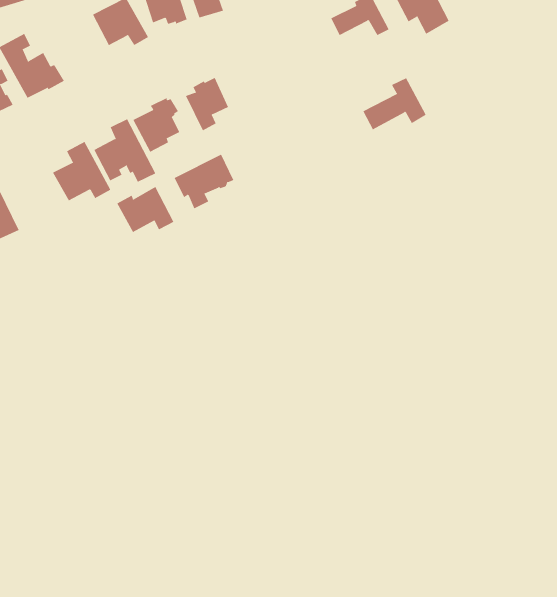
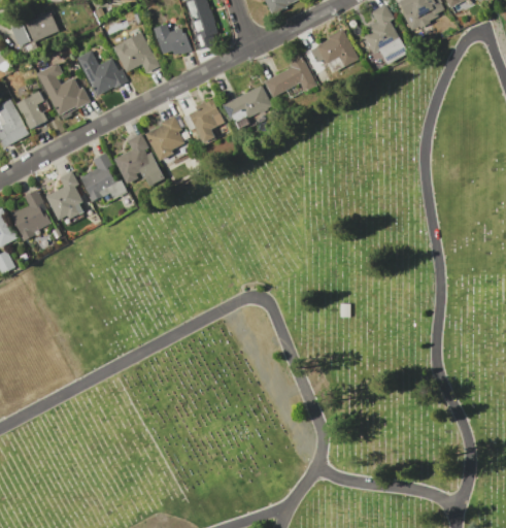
building: none -> [74,51,127,95]
building: [362,77,426,130] -> [264,54,316,97]
building: [174,154,234,209] -> [222,85,271,130]
building: none -> [45,170,81,220]
building: [117,186,174,233] -> none

